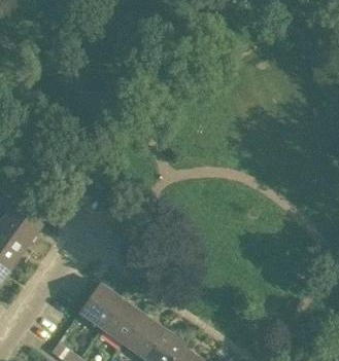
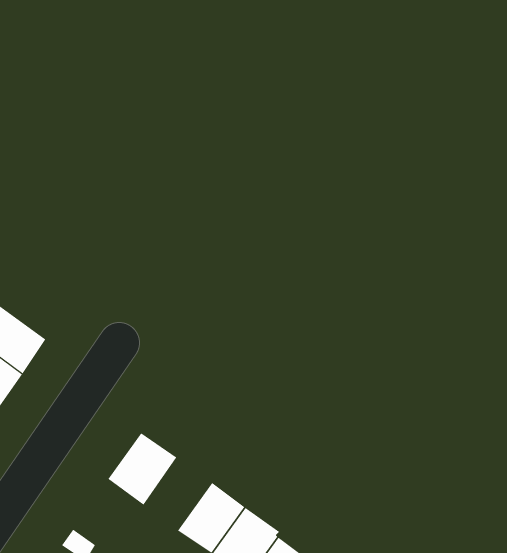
building: [102,298,144,344] -> none

